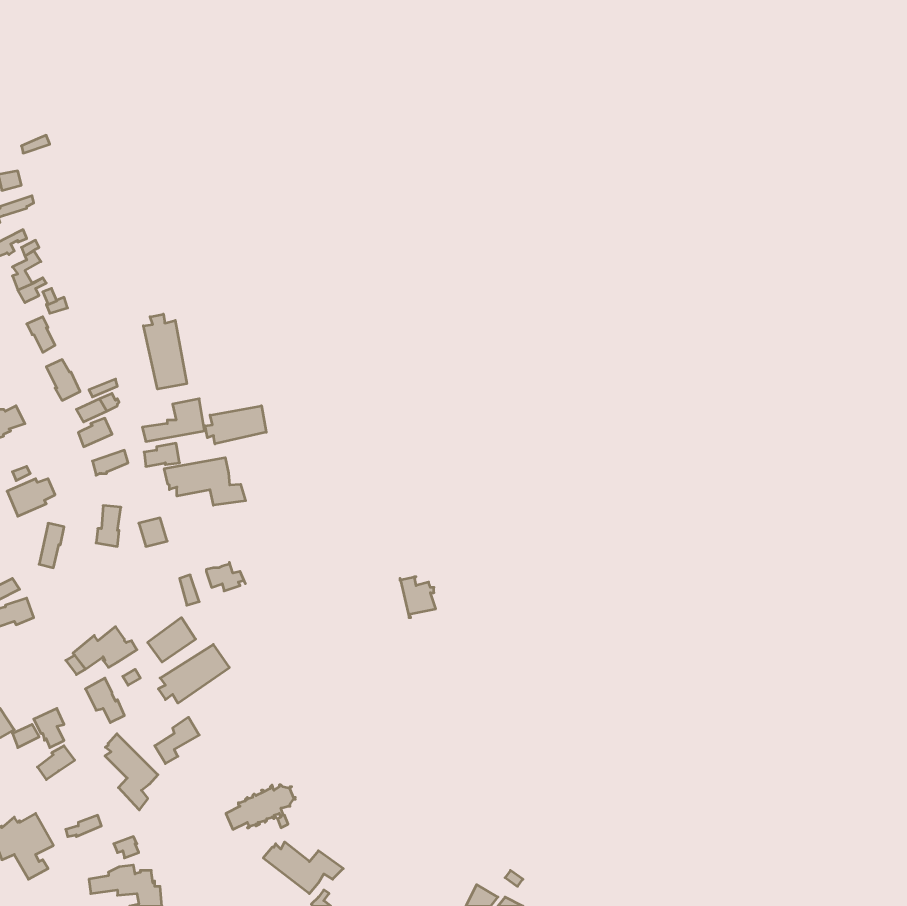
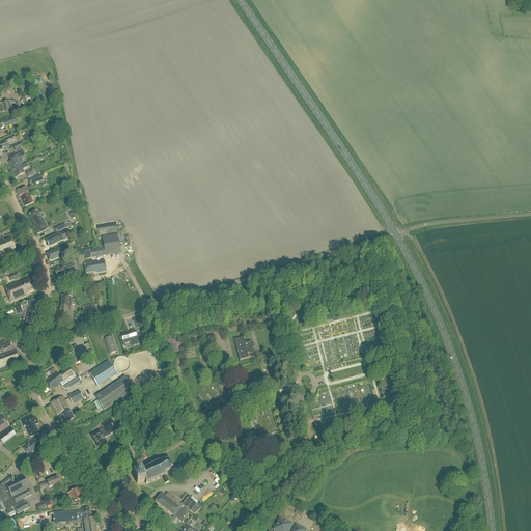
building: [143,314,187,389] -> none
building: [205,406,266,444] -> none
building: [164,458,246,505] -> none
building: [105,734,158,810] -> none

